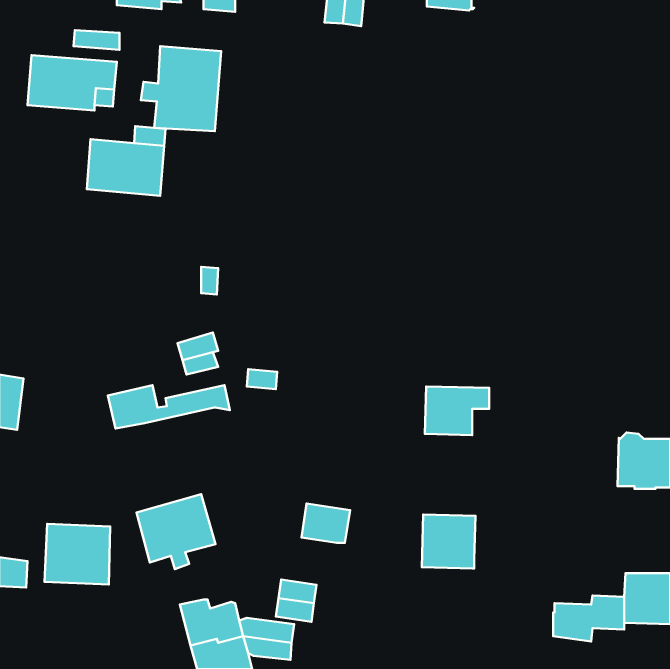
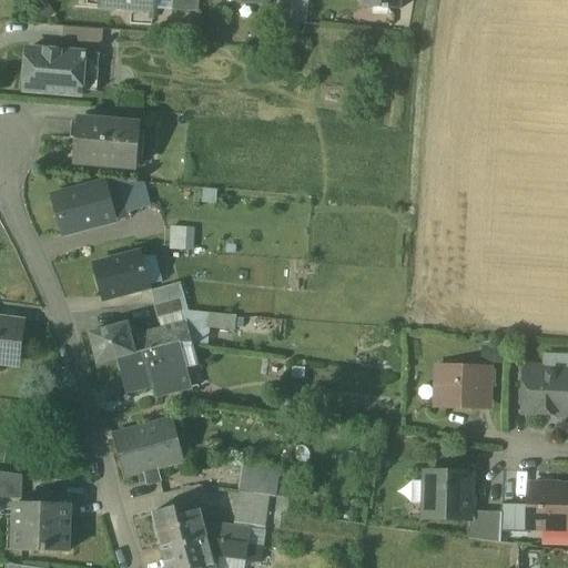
building: [141,46,221,131] -> none
building: none -> [52,179,139,232]
building: none -> [94,256,150,298]
building: [425,387,489,435] -> [437,365,491,406]
building: none -> [122,344,191,393]
building: [301,503,350,543] -> [237,460,278,494]
building: [422,515,476,568] -> [424,471,469,517]
building: [45,524,110,584] -> [14,499,70,550]

